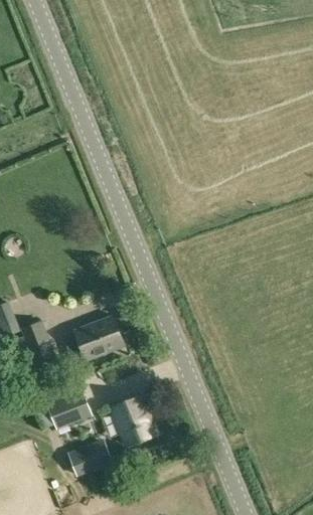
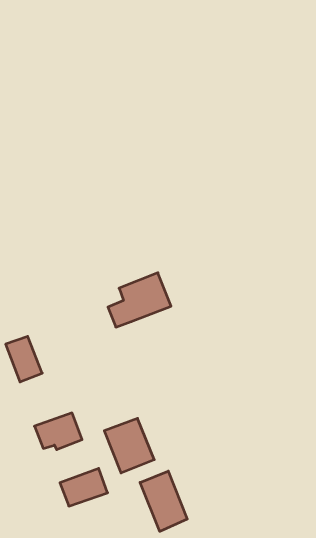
building: [66,316,124,365] -> [108,273,171,327]
building: none -> [140,471,187,531]

